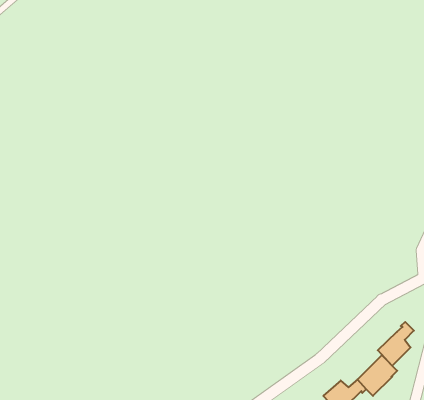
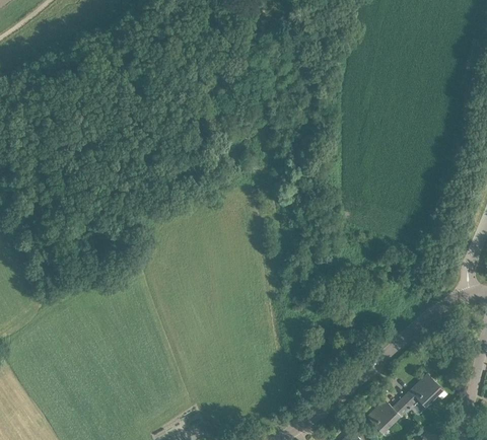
building: [378,322,414,366] -> none

